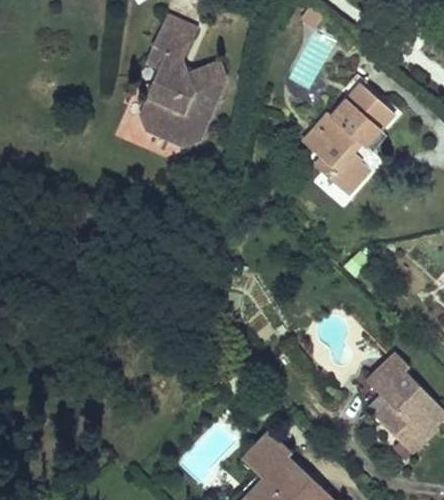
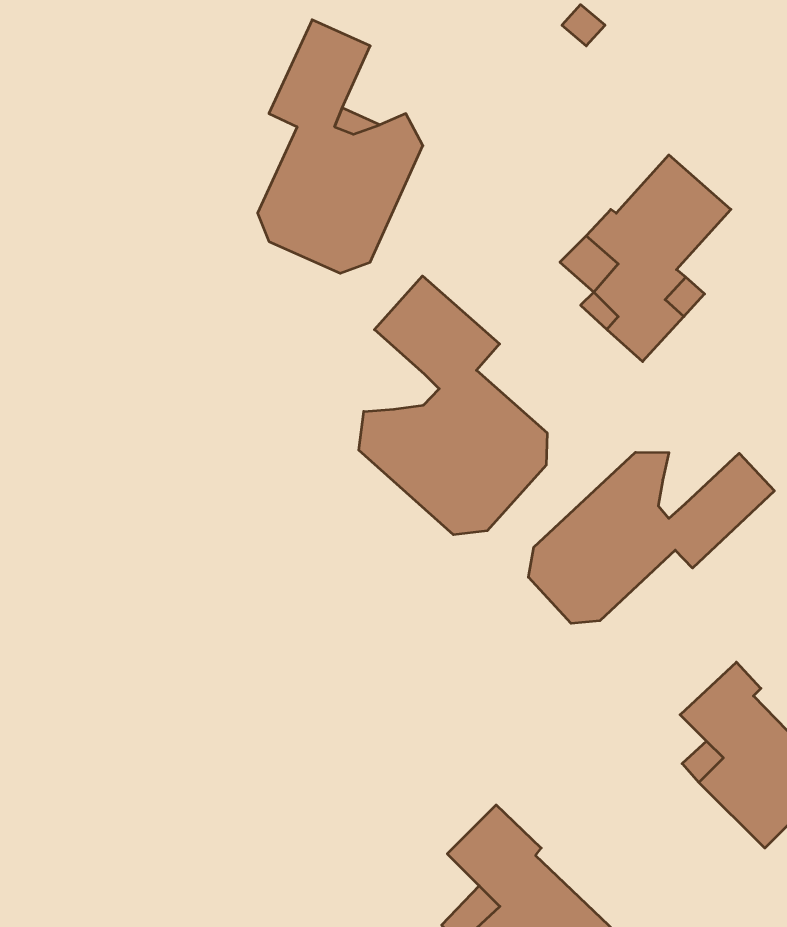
building: none -> [359,276,547,535]
building: none -> [528,452,774,623]

